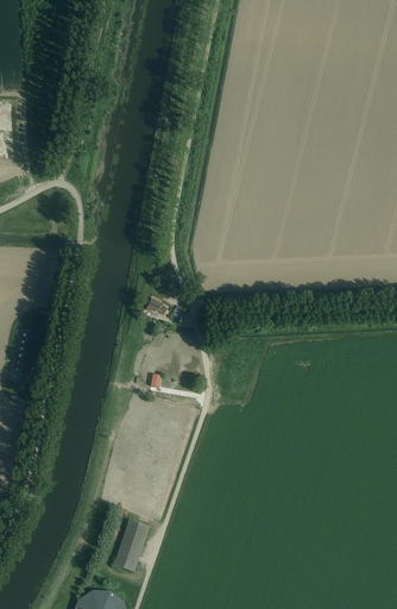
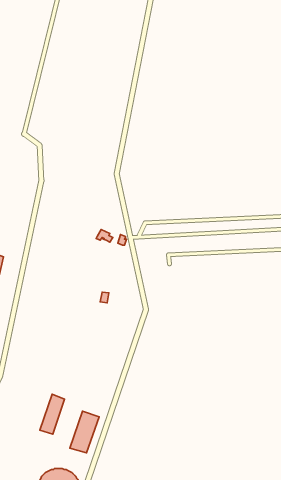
building: none -> [40,394,65,434]

